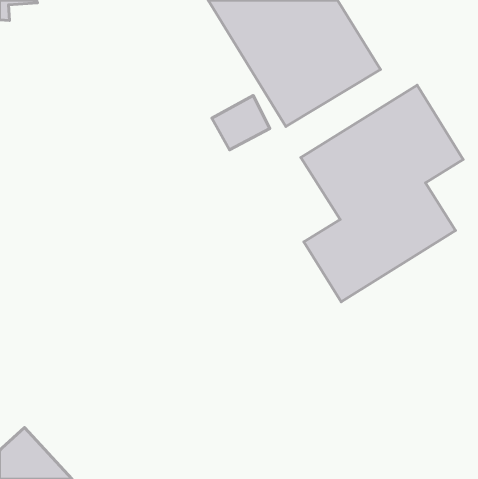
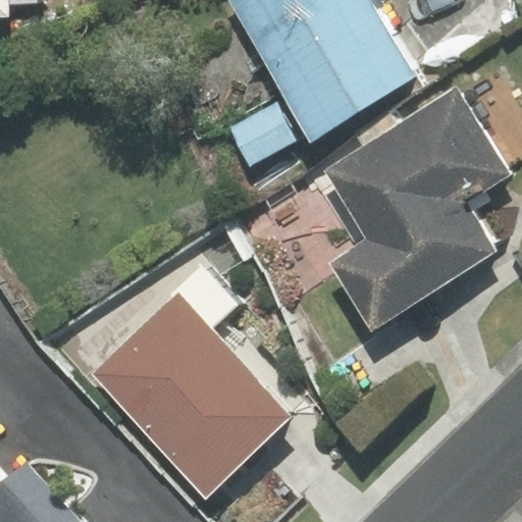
building: none -> [91,268,289,495]

